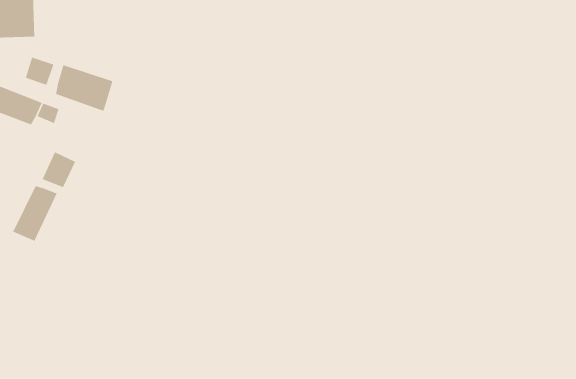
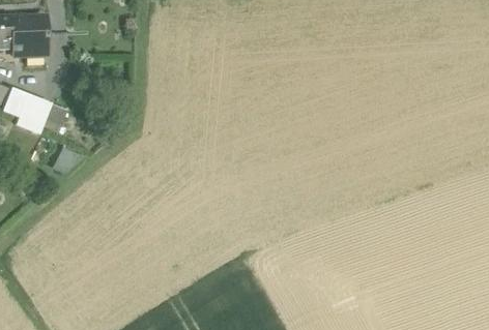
building: [55,64,113,112] -> none
building: [12,185,58,242] -> none

